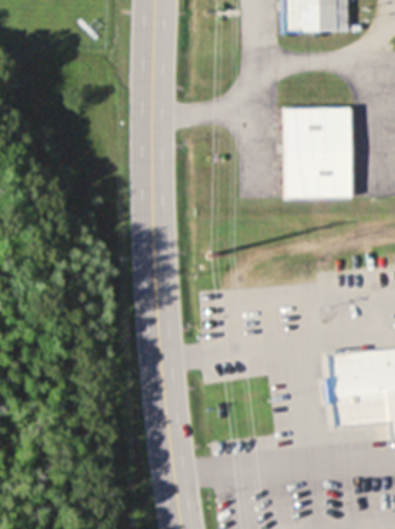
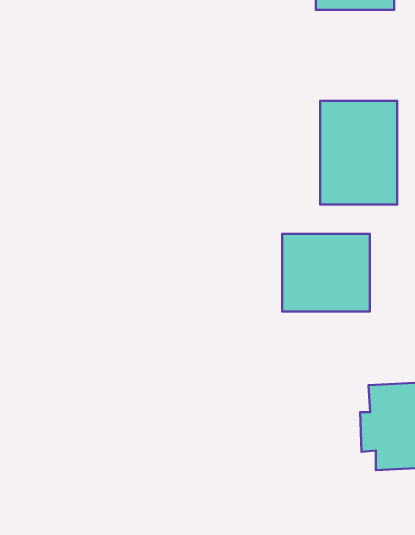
building: none -> [282,234,370,312]

